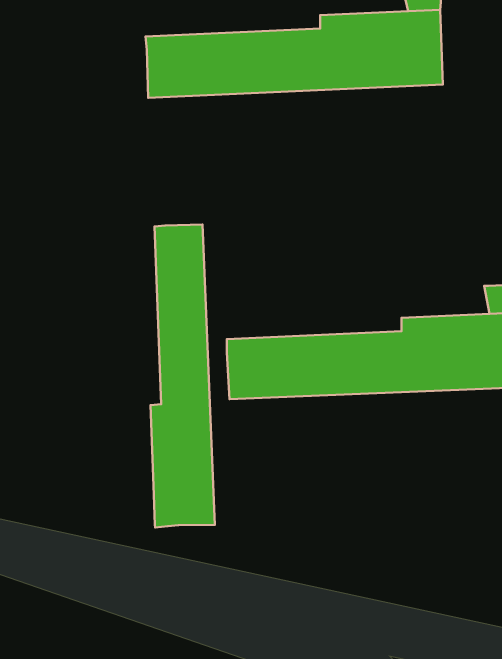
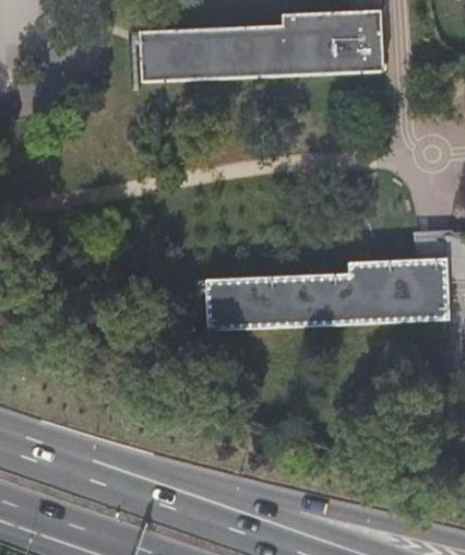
building: [150,225,215,527] -> none

